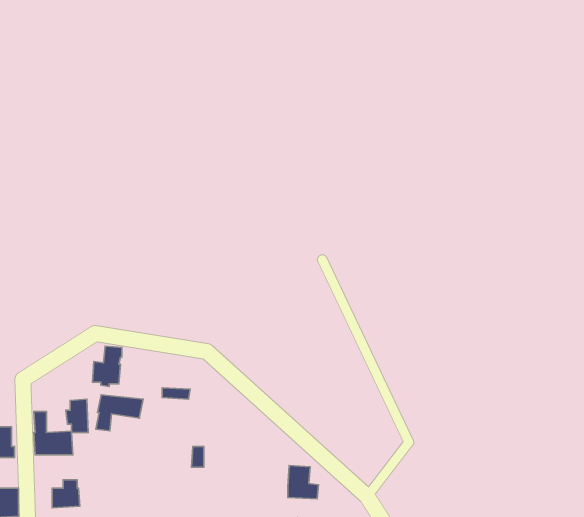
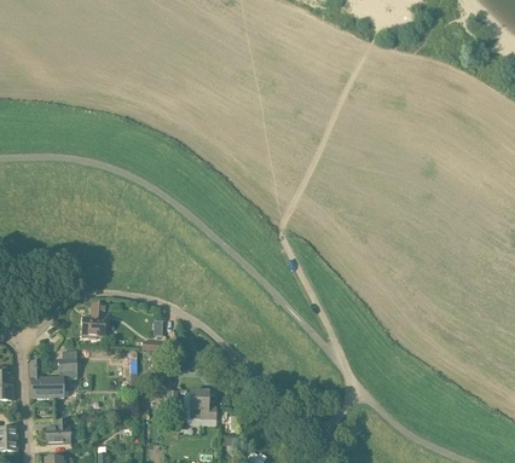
building: [96,395,143,431] -> none
building: [288,465,318,499] -> [190,389,216,418]

